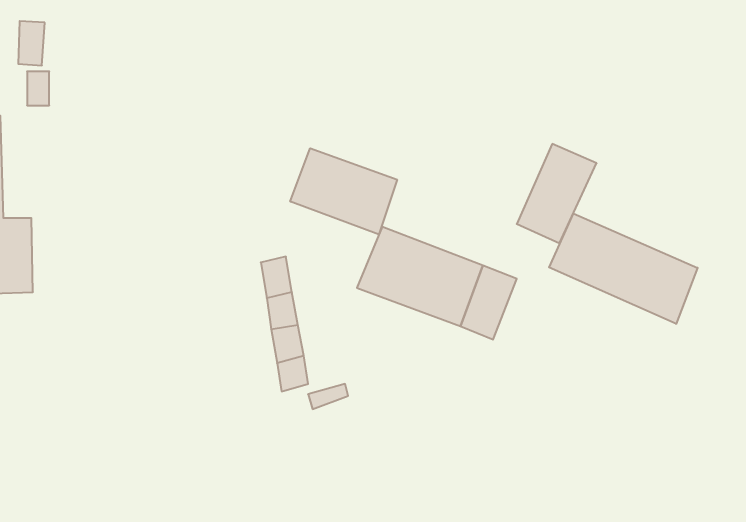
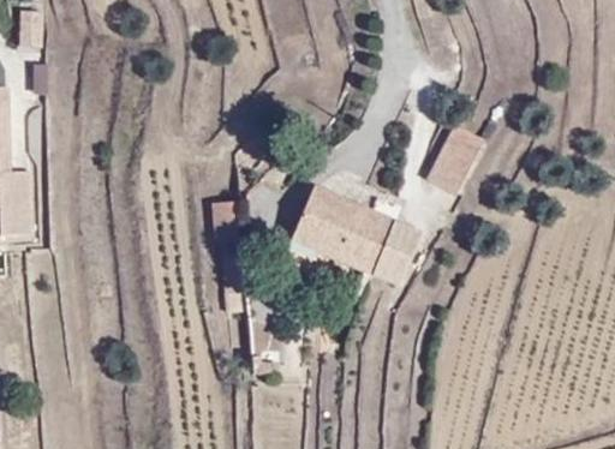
building: [290,148,397,235] -> none
building: [549,214,698,324] -> none

